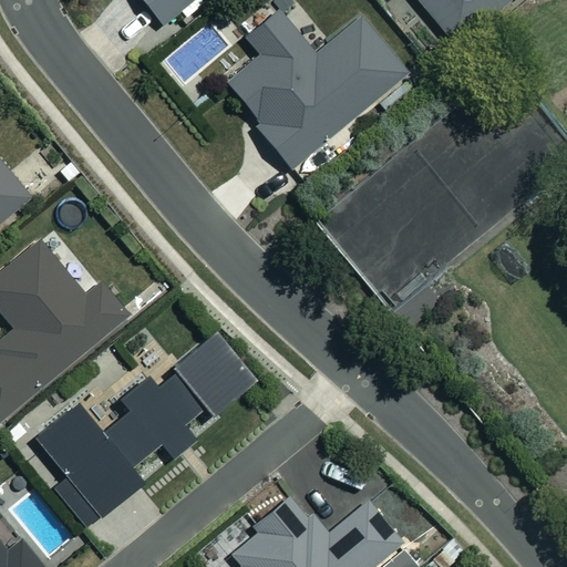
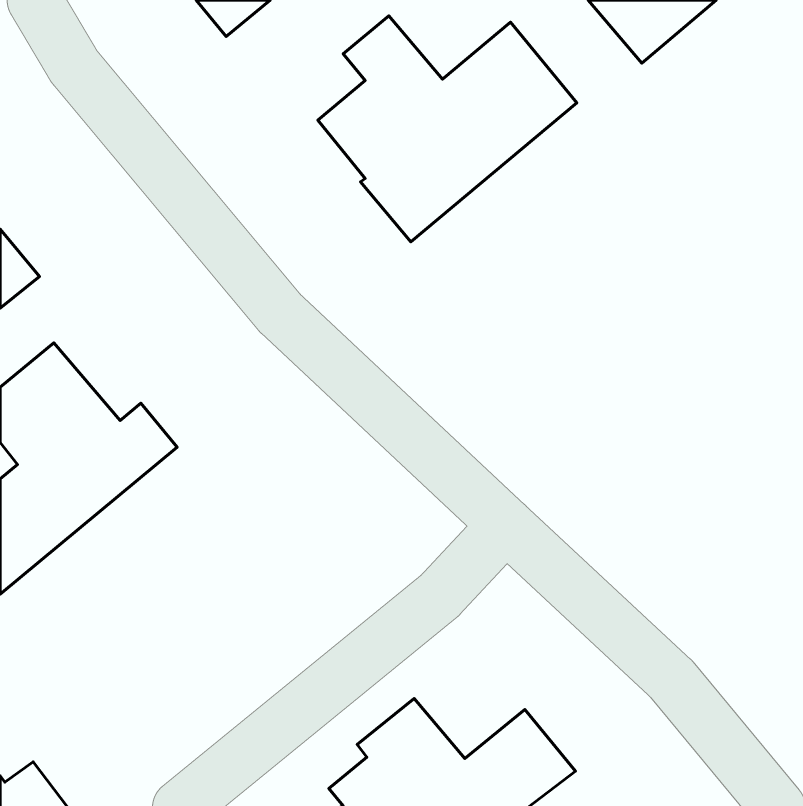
building: [37,330,257,532] -> none

